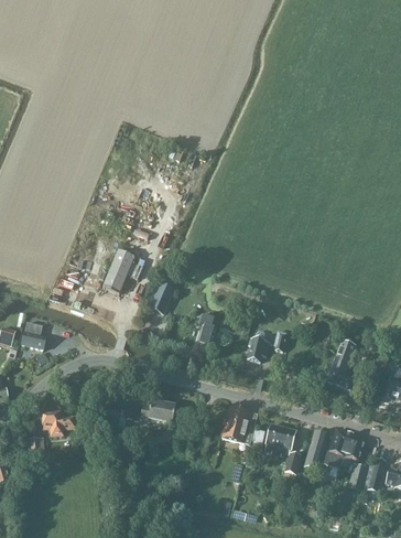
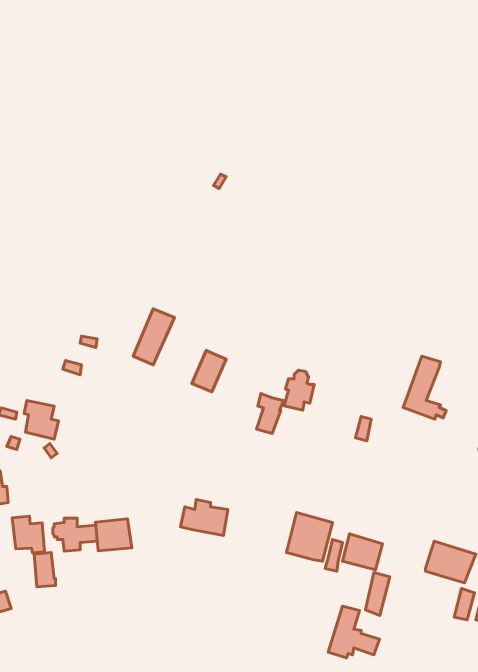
building: [248,330,271,361] -> [284,370,314,410]
building: [328,340,361,388] -> [403,356,446,419]
building: none -> [12,516,44,553]
building: none -> [96,519,132,551]
building: [304,430,344,470] -> [328,606,380,658]

